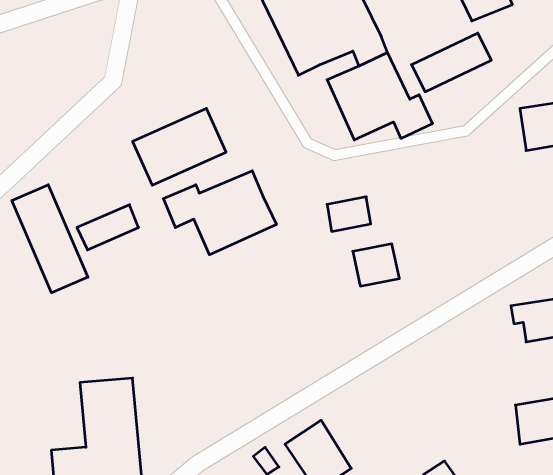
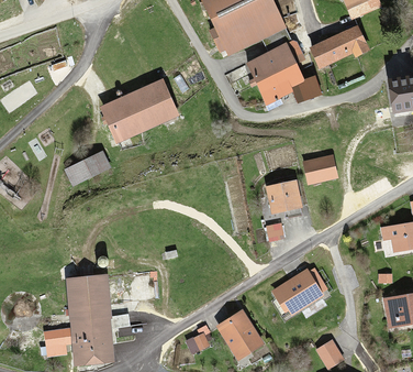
building: [163,171,276,255] -> none
building: [12,185,88,293] -> none
building: [327,197,371,231] -> [302,156,334,182]
building: none -> [270,262,322,310]

